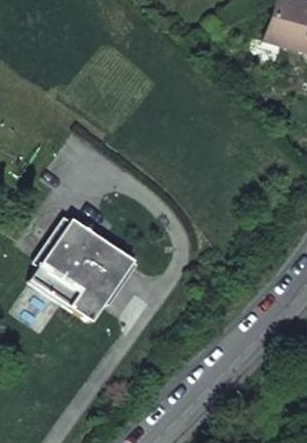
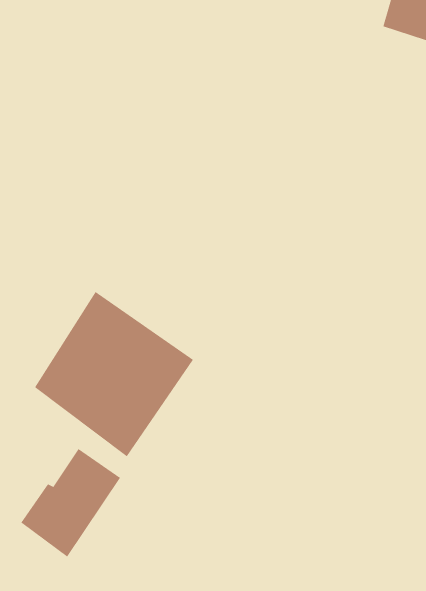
building: none -> [20,448,121,558]

